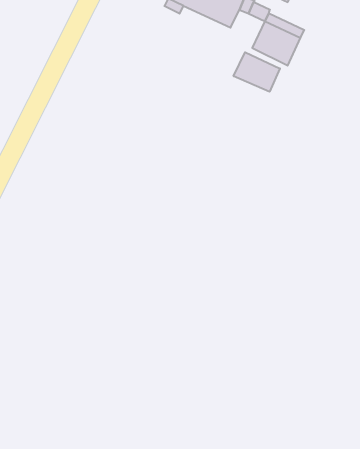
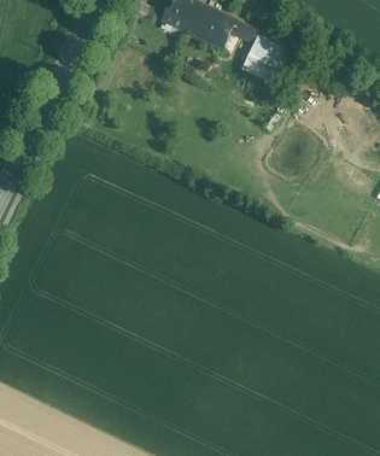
building: [234,52,280,92] -> none

